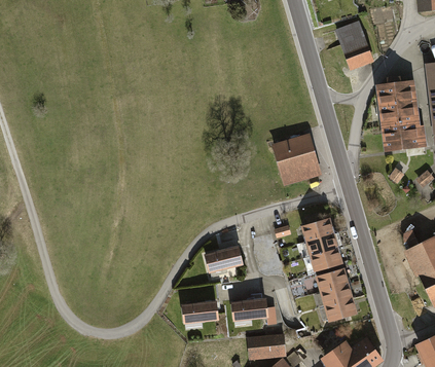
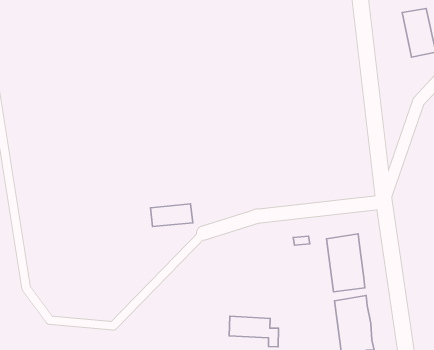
building: [274,137,318,183] -> none
building: [204,248,241,271] -> [150,204,193,227]
building: [181,302,216,323] -> none

